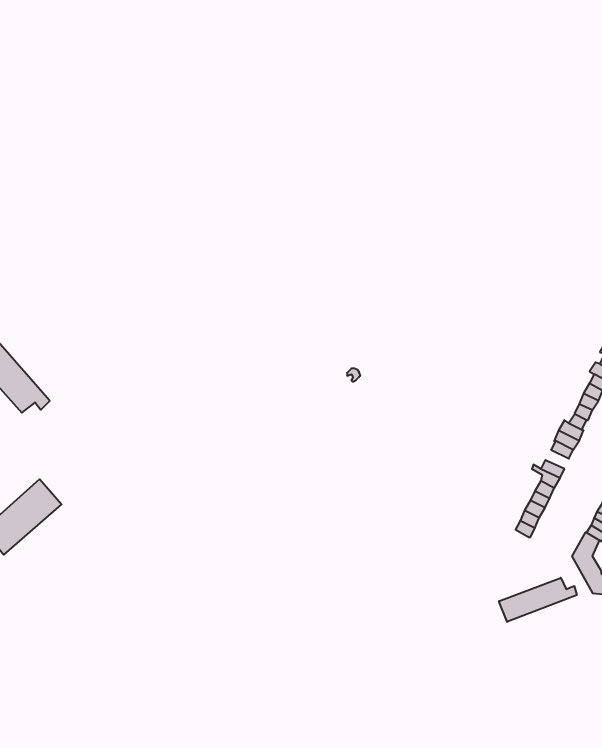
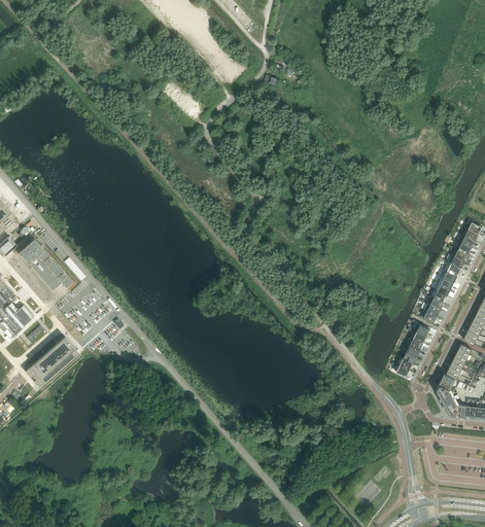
building: [499,578,577,622] -> none

